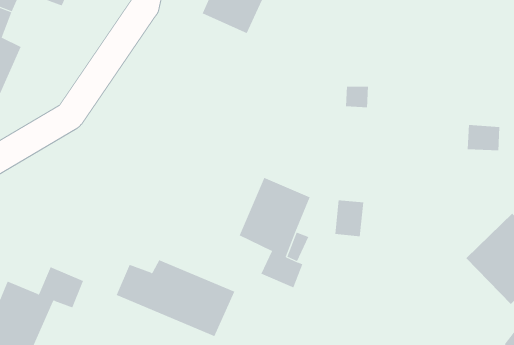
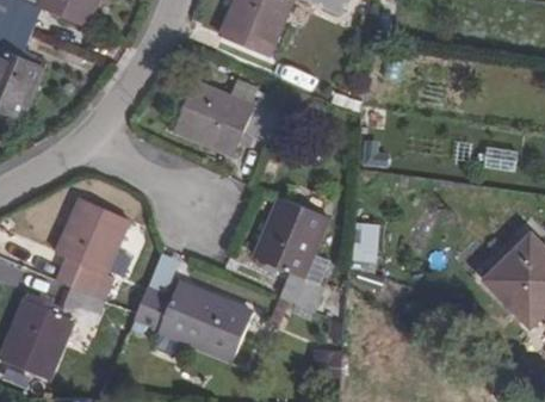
building: none -> [172,81,280,151]
building: none -> [55,200,125,301]

